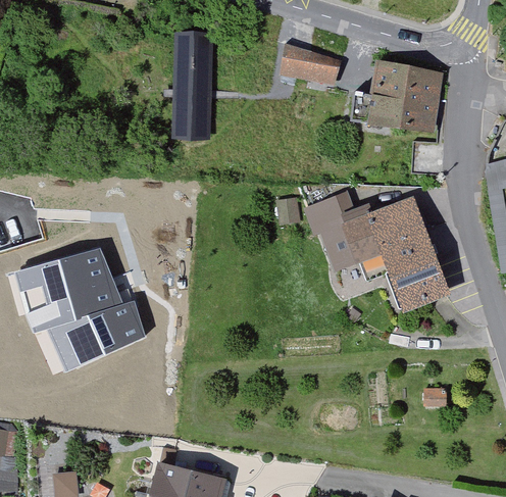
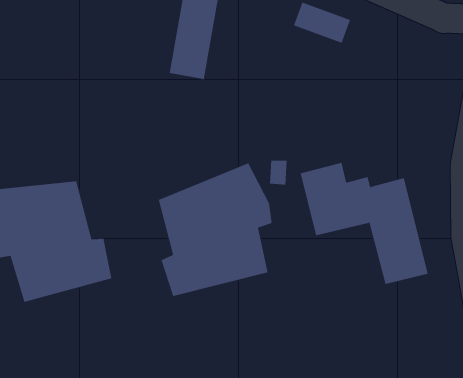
building: [356,64,440,130] -> none
building: none -> [158,163,272,297]

